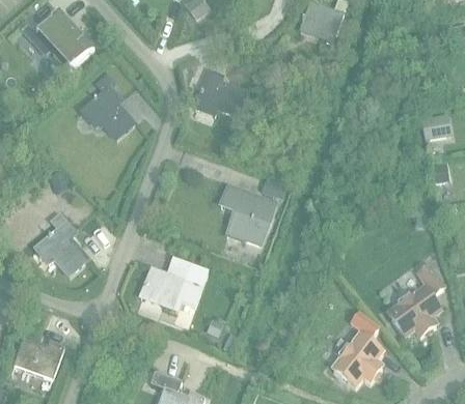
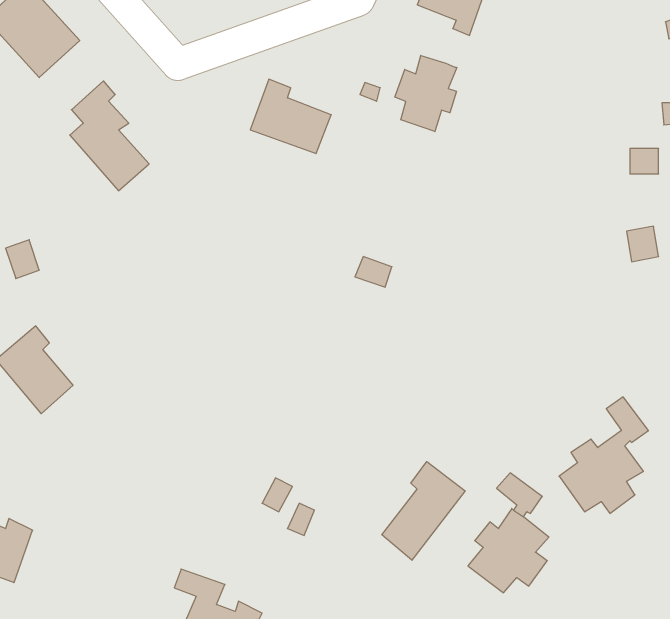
building: none -> [395,55,457,132]
building: [220,186,274,243] -> none
building: [142,257,210,312] -> none
building: none -> [382,462,465,560]

